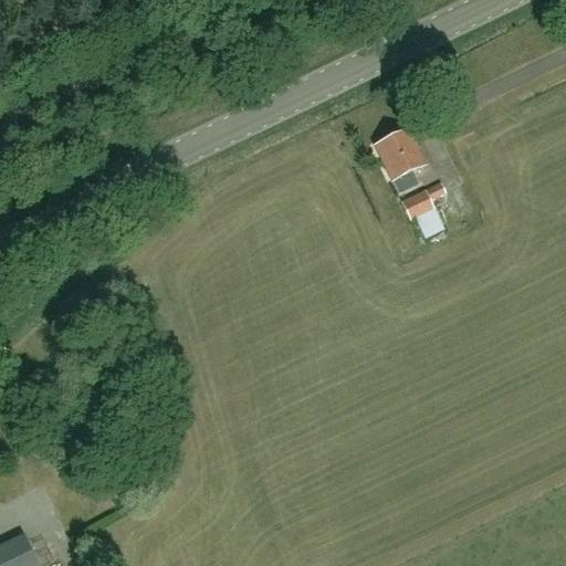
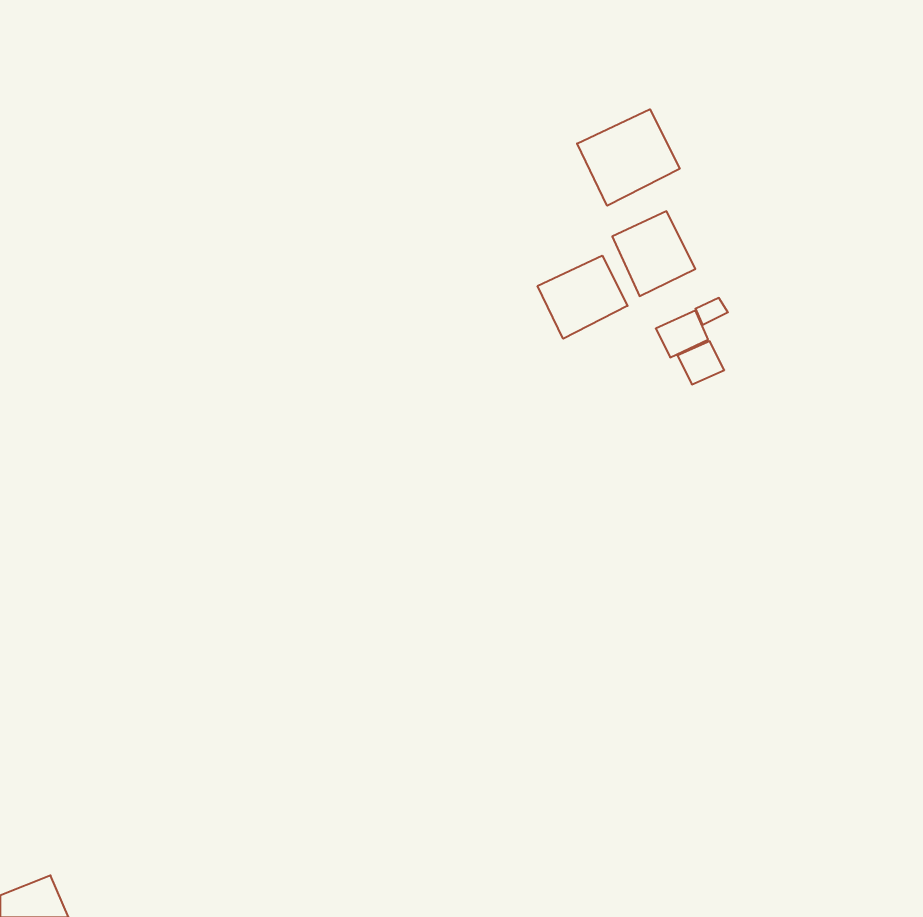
building: none -> [577,109,680,206]
building: none -> [538,256,628,339]

